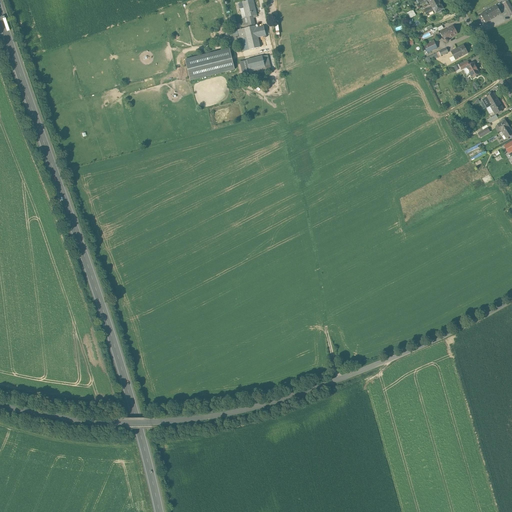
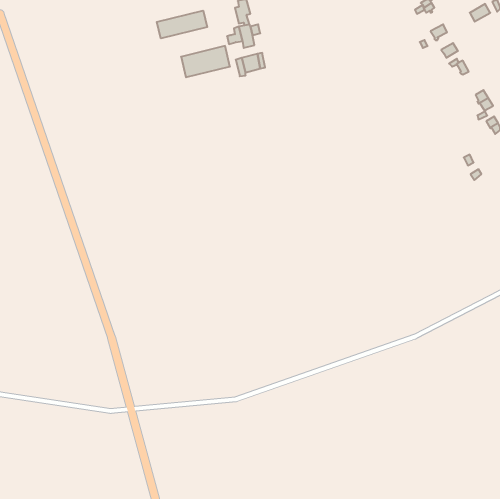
building: none -> [157,11,207,38]

